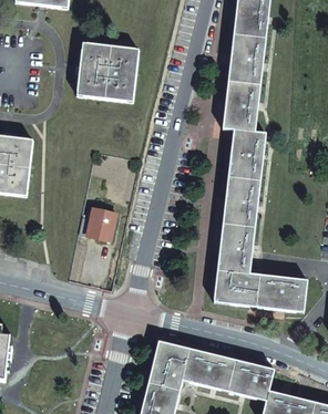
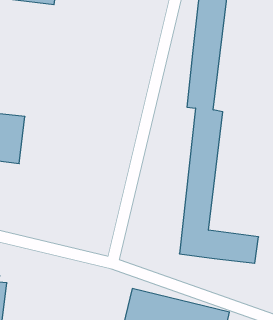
building: [78,42,139,100] -> none
building: [79,207,115,240] -> none

